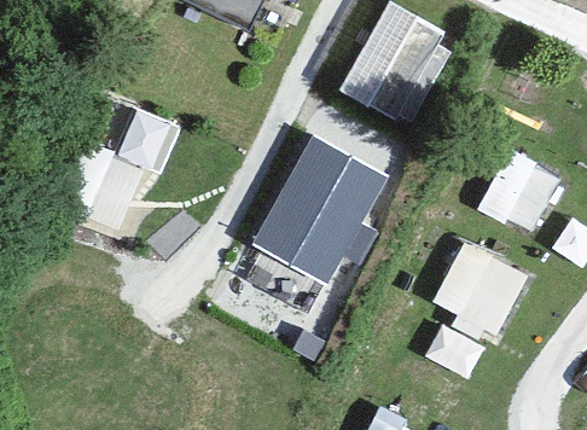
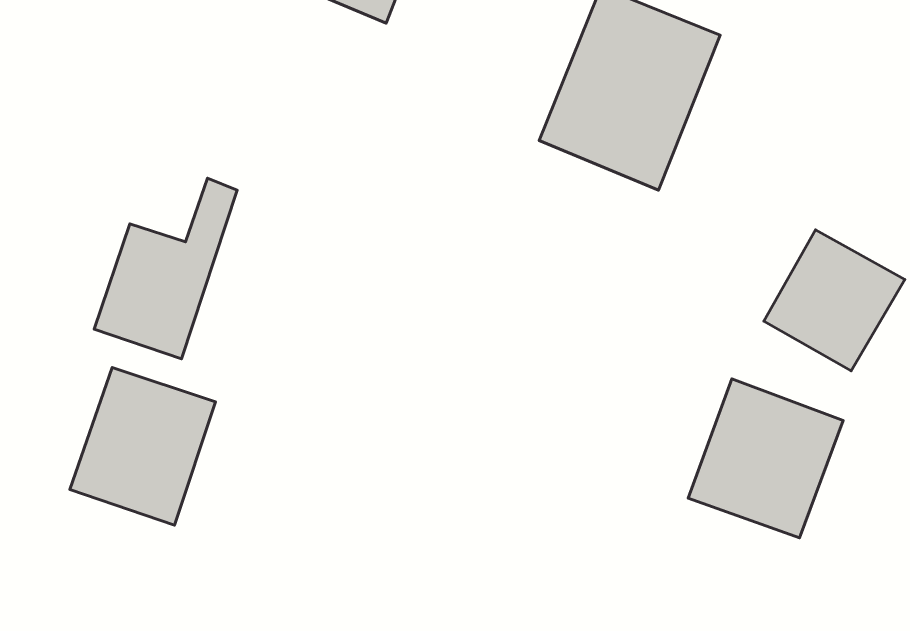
building: [251,132,397,291] -> none
building: none -> [70,367,216,525]

